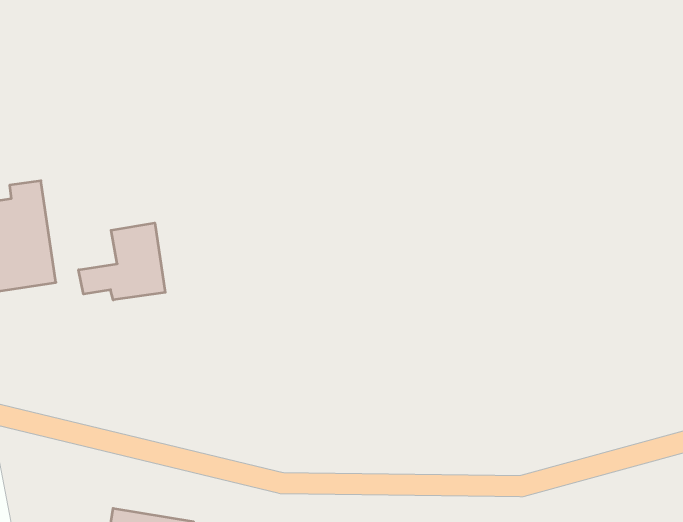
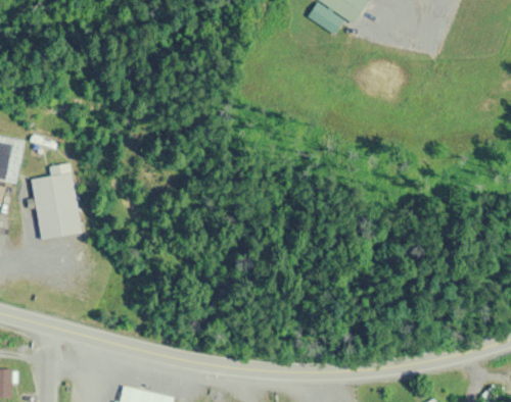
building: [79,223,165,300] -> none

